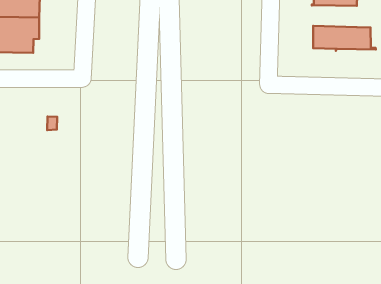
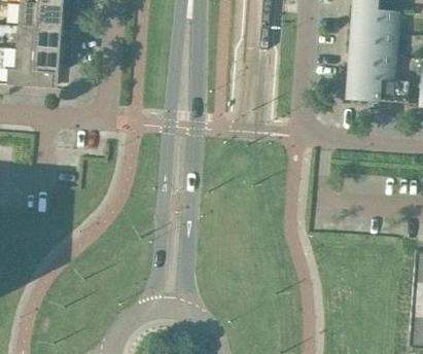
building: none -> [348,52,395,78]

